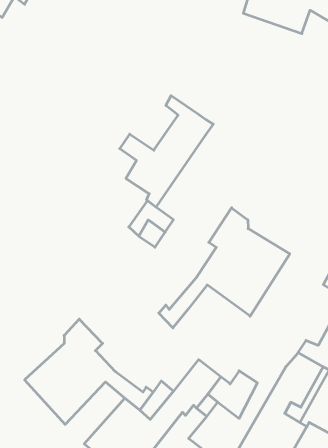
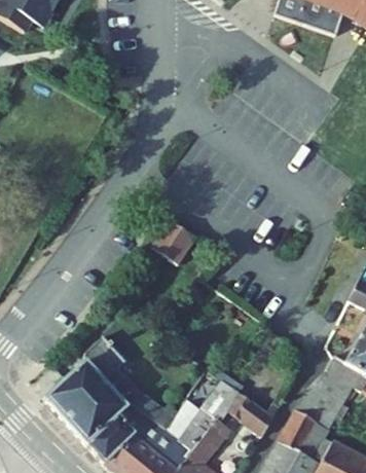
building: [120,96,213,207] -> none
building: [159,208,290,328] -> none
building: none -> [86,401,147,464]

